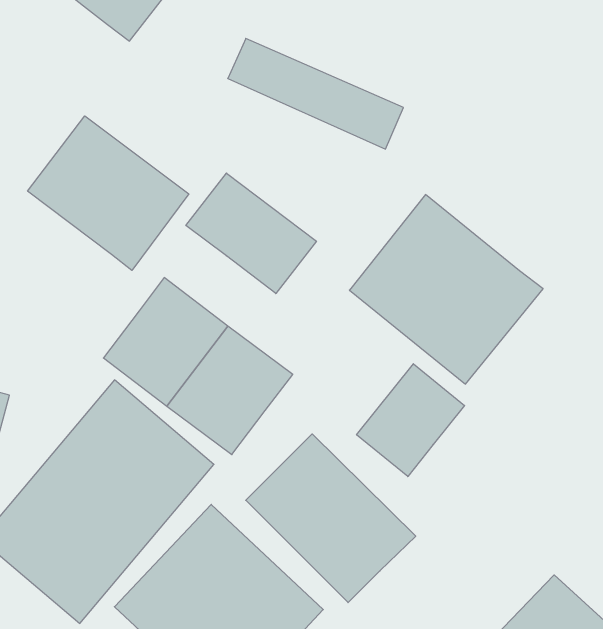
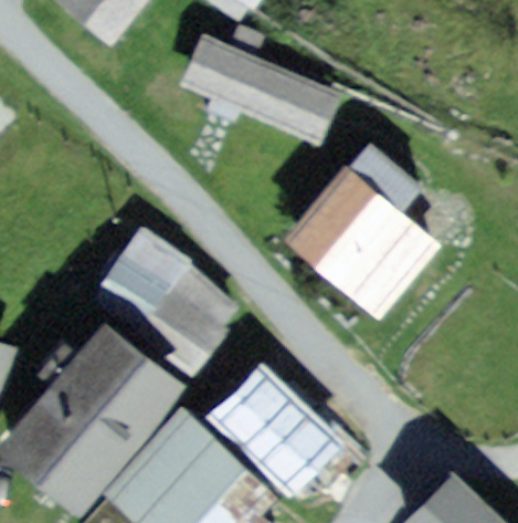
building: [28,116,189,270] -> none
building: [186,173,316,294] -> none
building: [357,364,465,477] -> none

